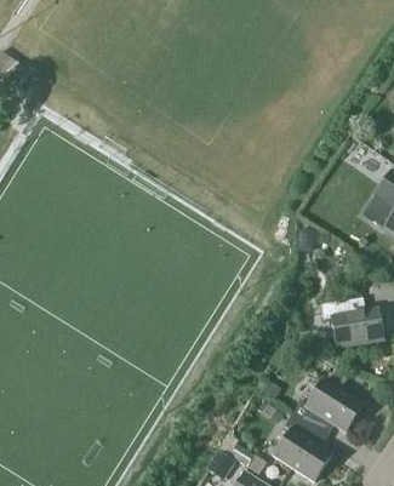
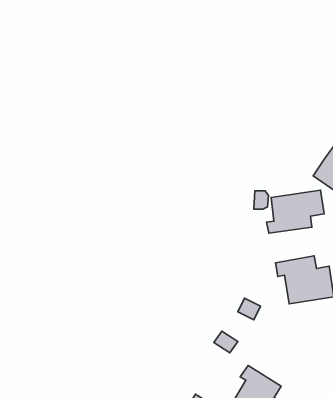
building: none -> [266,190,324,233]
building: [292,378,362,435] -> none

